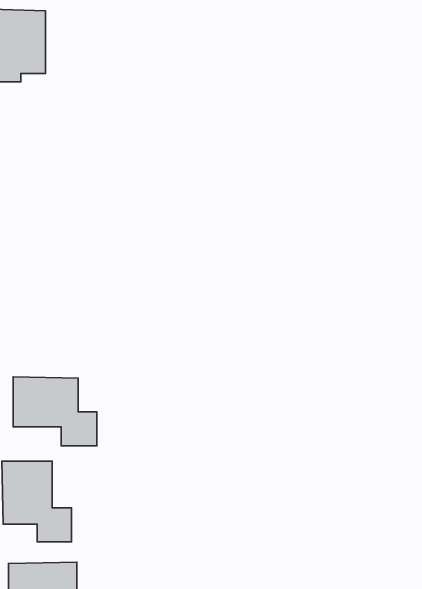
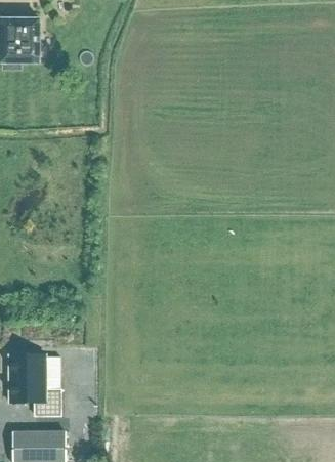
building: [13,377,97,446] -> none

